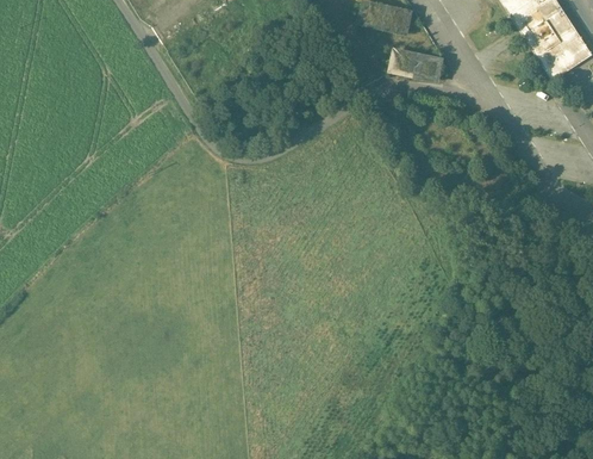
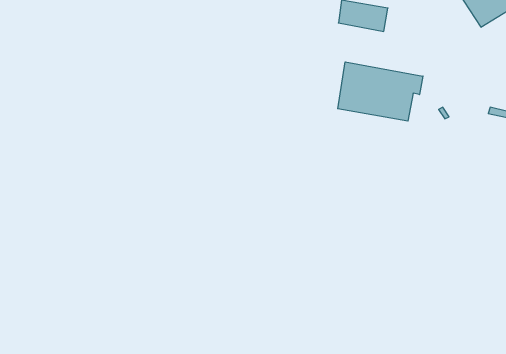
building: none -> [338,62,423,121]

